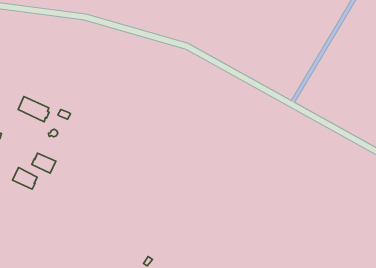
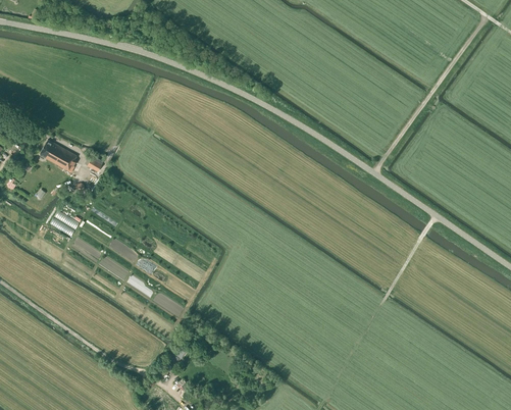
building: [13,168,37,189] -> none

